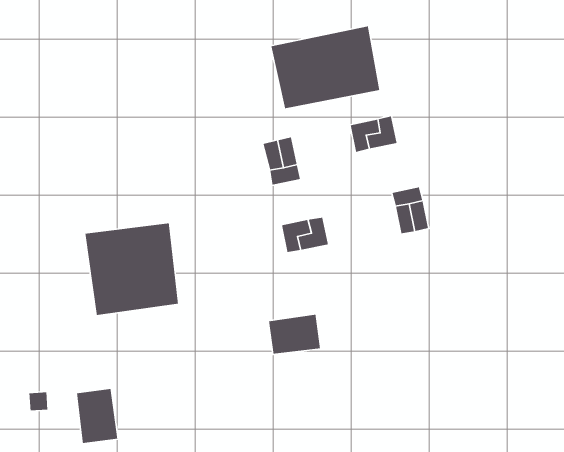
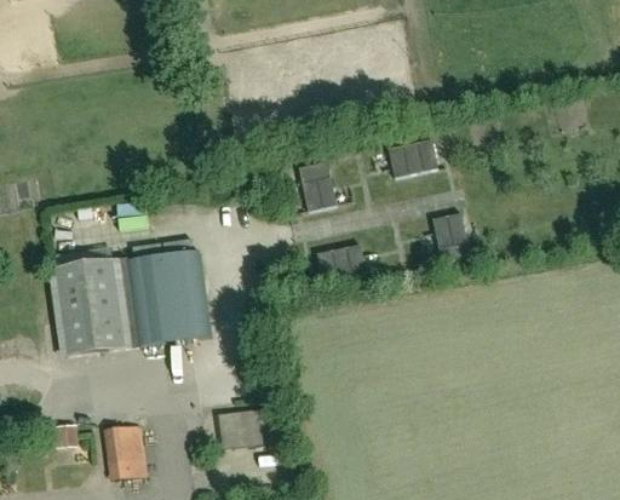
building: [270,26,380,109] -> none
building: none -> [53,260,122,355]
building: [268,314,321,355] -> [226,404,281,447]

